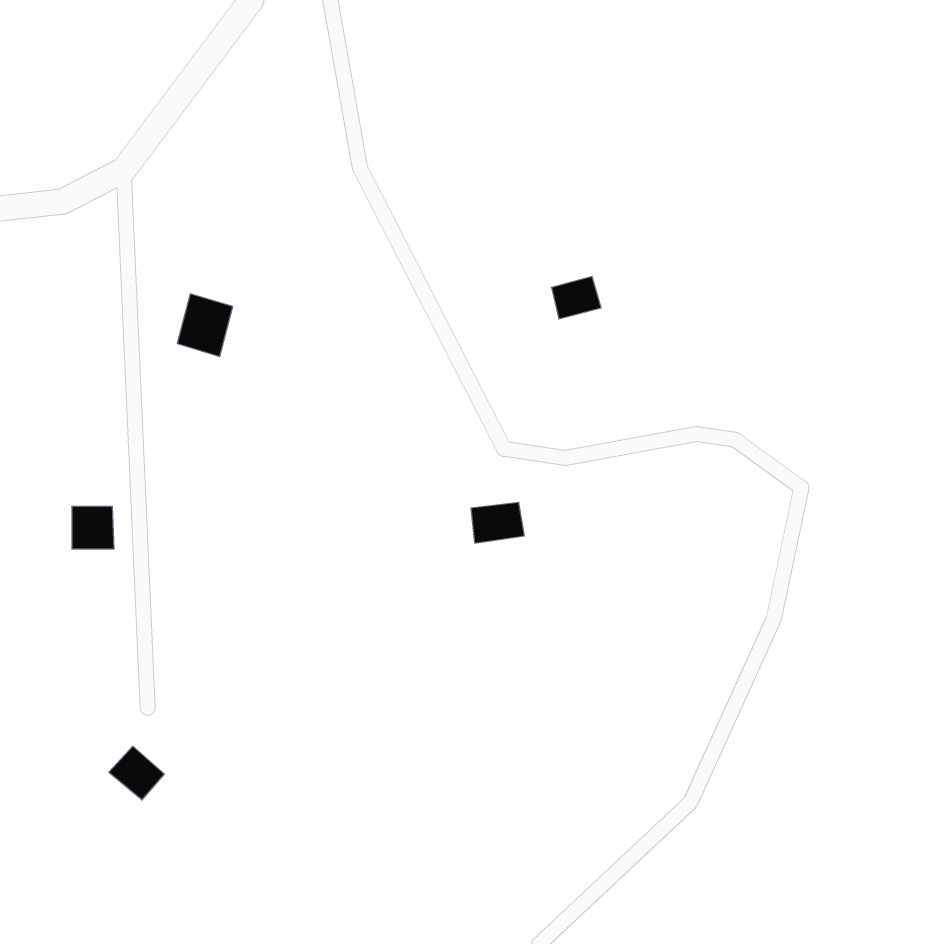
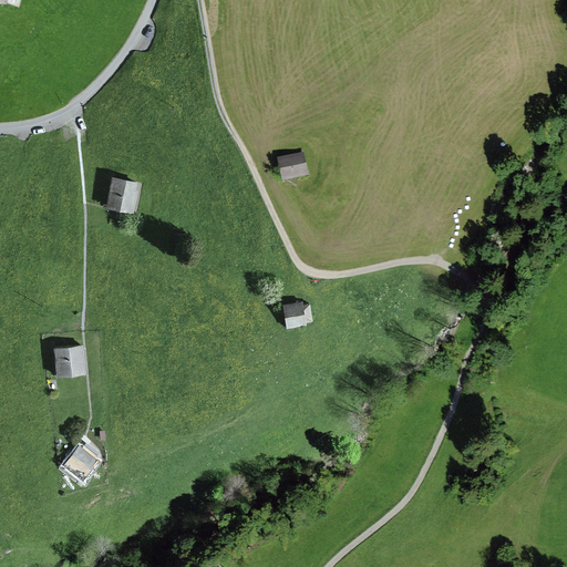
building: [551,276,601,319] -> [278,155,308,181]
building: [72,506,114,549] -> [56,347,82,372]

